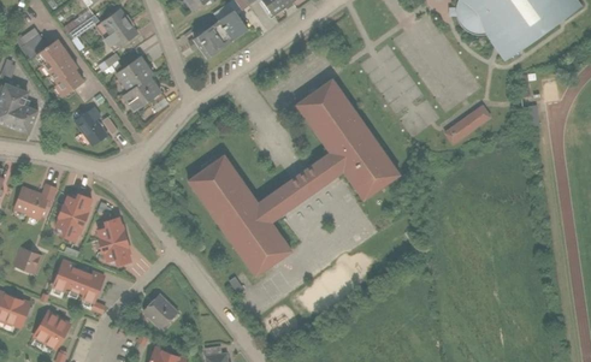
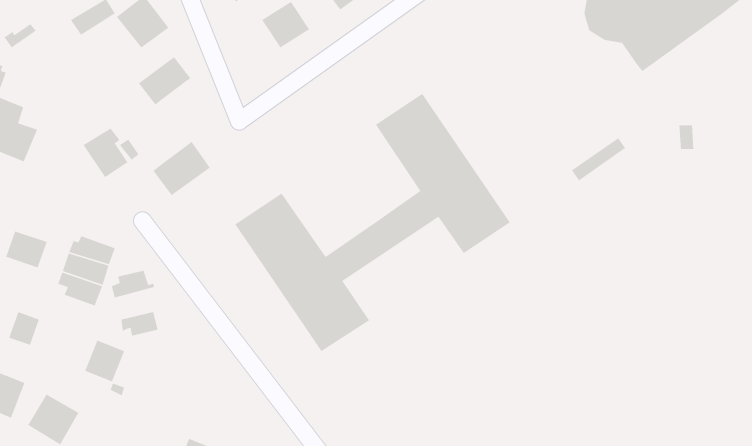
building: [189,24,225,60] -> none
building: [35,37,89,97] -> none
building: [124,71,169,113] -> [152,141,211,196]
building: [99,227,134,251] -> none
building: [53,259,85,291] -> none
building: [144,290,182,327] -> none

